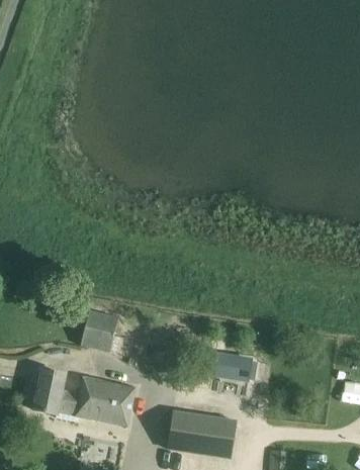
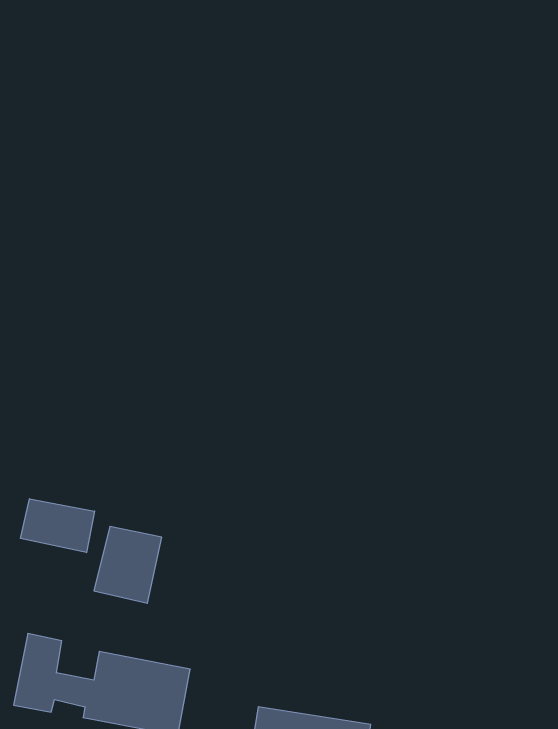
building: none -> [21,499,95,553]
building: [216,351,254,379] -> none

